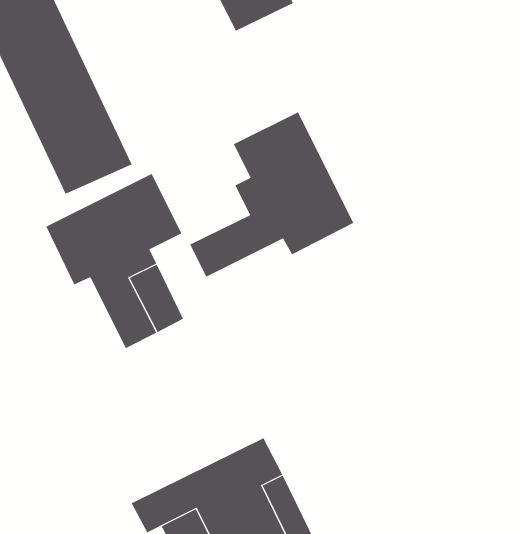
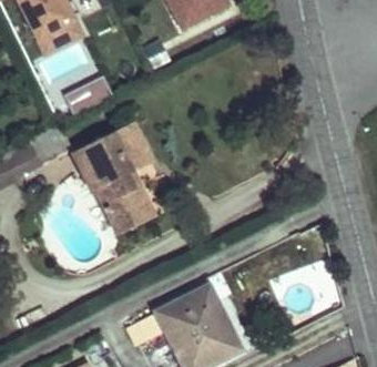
building: [189,111,354,278] -> none

